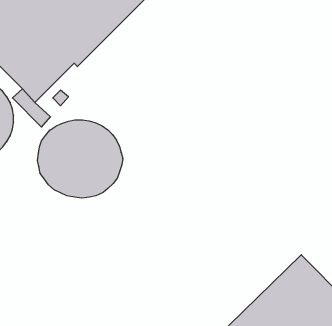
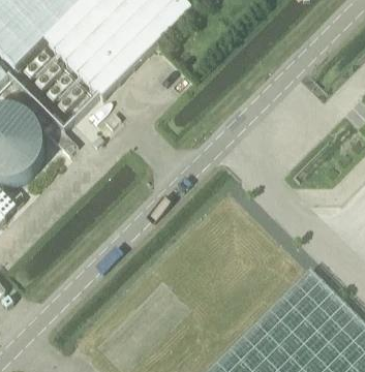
building: [37,120,123,198] -> none

